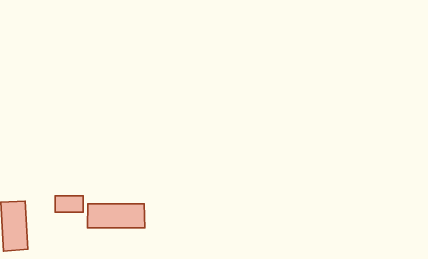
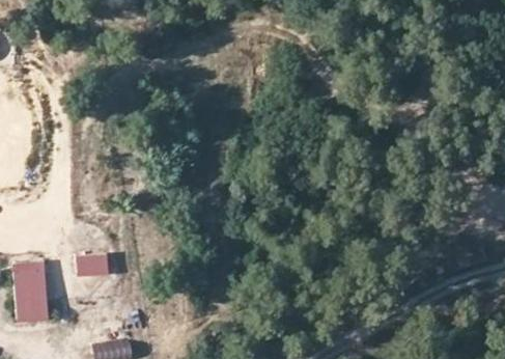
building: [87,204,145,228] -> none

